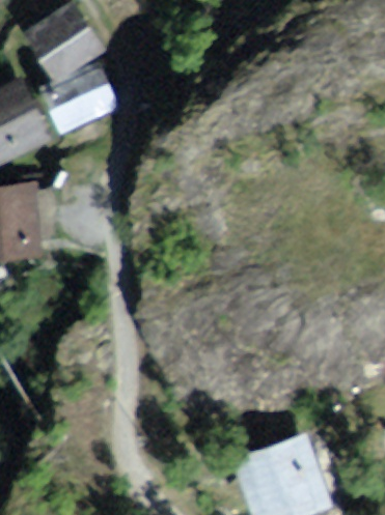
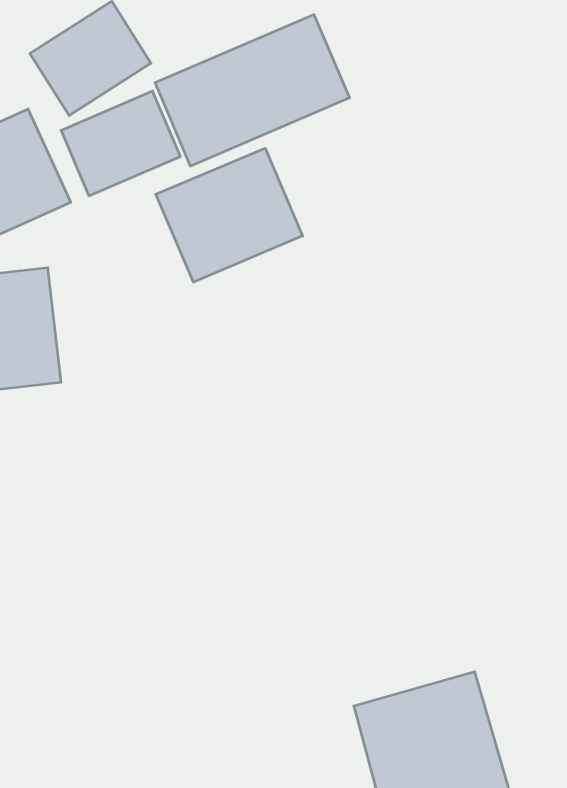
building: none -> [155,15,349,166]
building: none -> [156,148,303,282]

